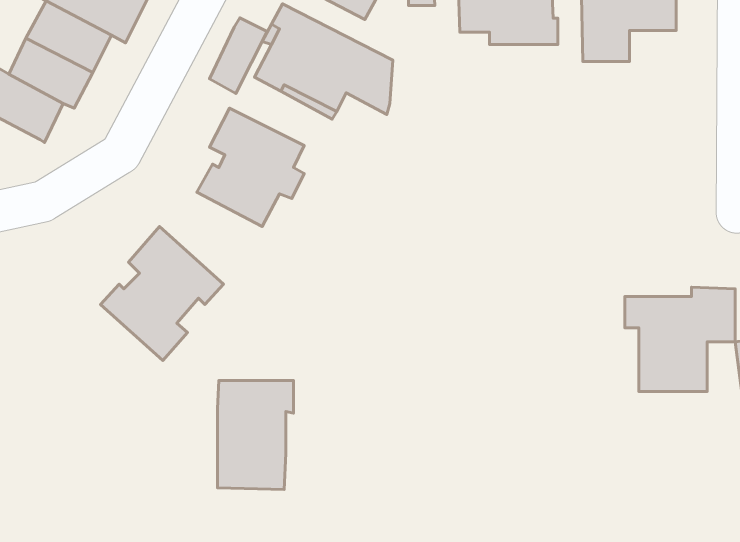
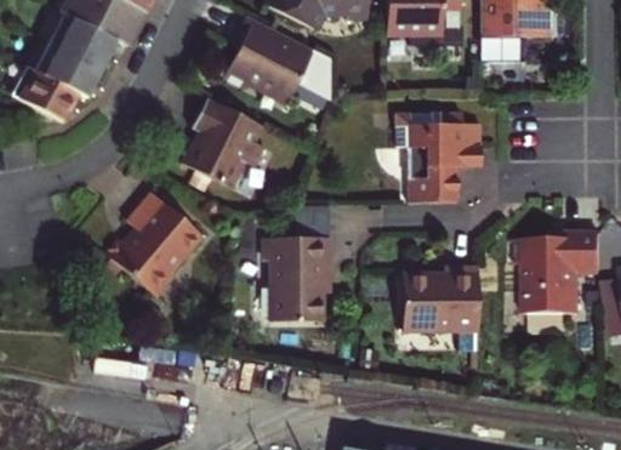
building: [209,18,267,93] -> none
building: none -> [395,112,483,203]
building: none -> [404,266,480,378]
building: [217,380,294,489] -> [269,237,329,321]

